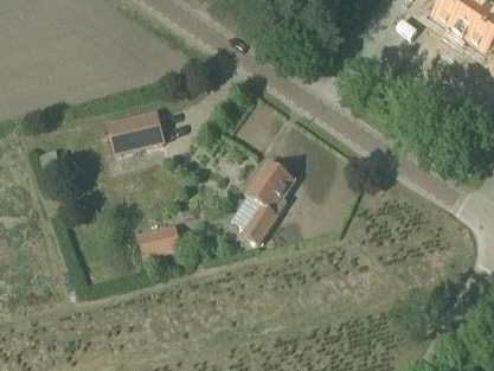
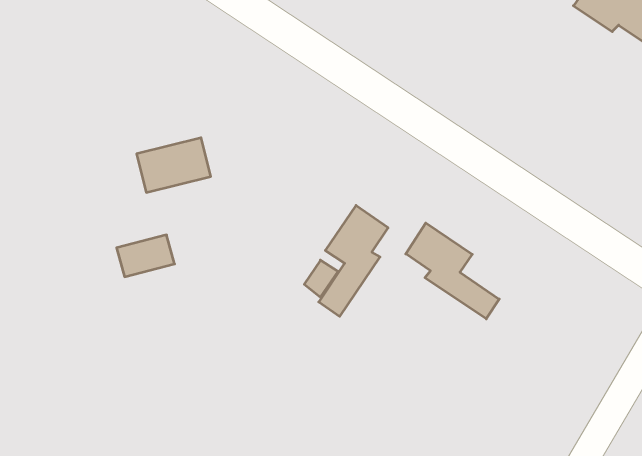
building: none -> [406,223,499,319]
building: [139,226,181,257] -> [117,235,175,277]

